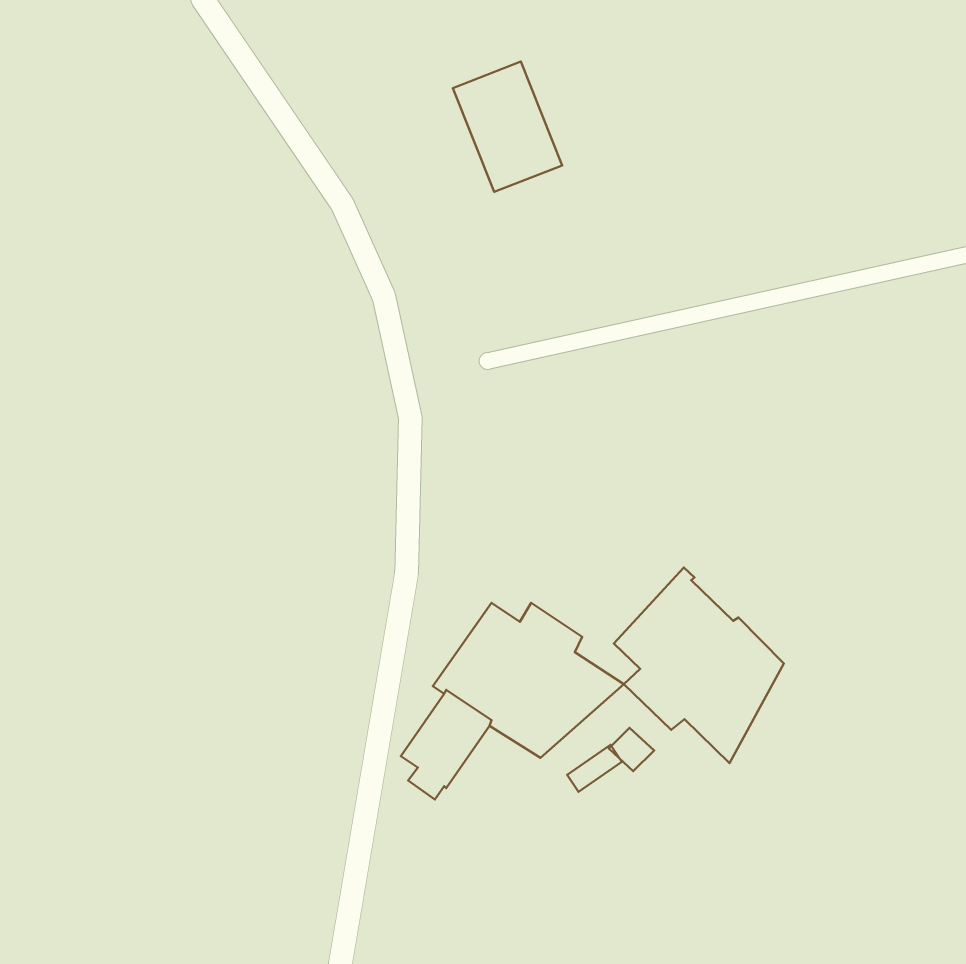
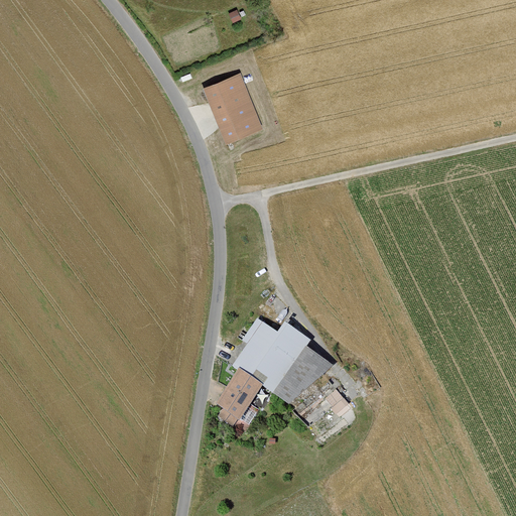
building: [453,62,562,192] -> [204,73,262,142]
building: [614,567,784,763] -> none

